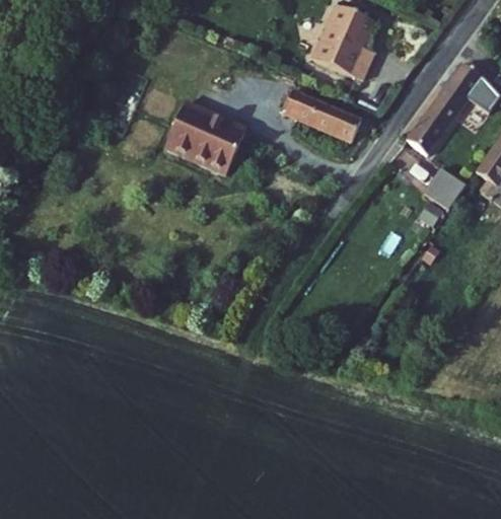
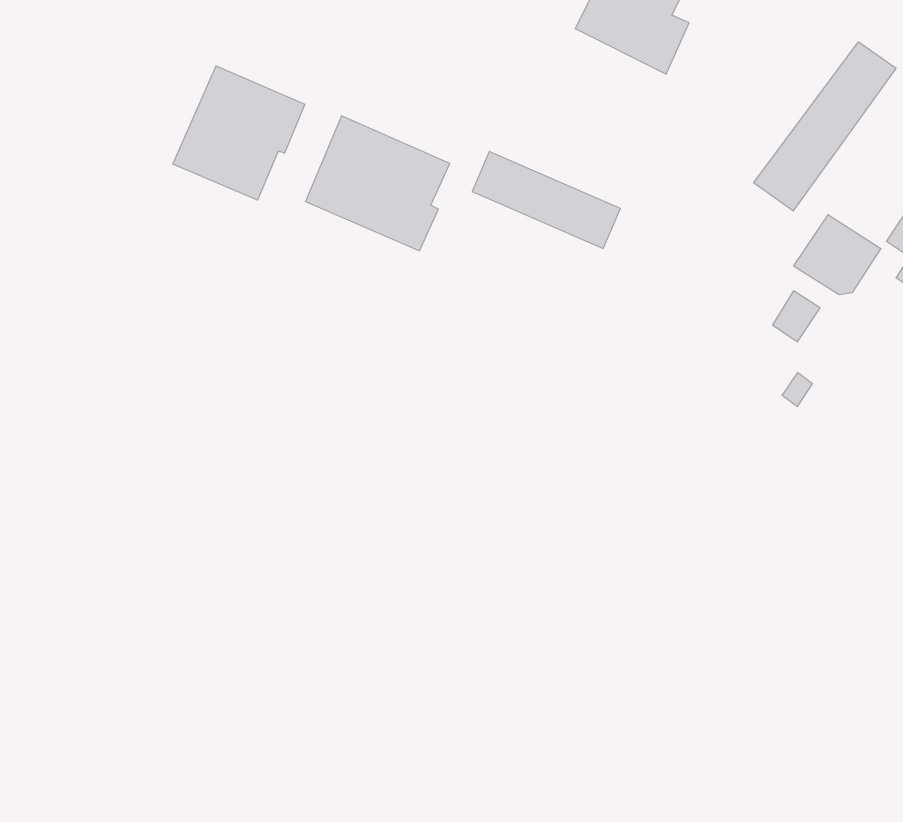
building: none -> [173,66,305,200]
building: [283,89,362,141] -> [472,151,620,248]

